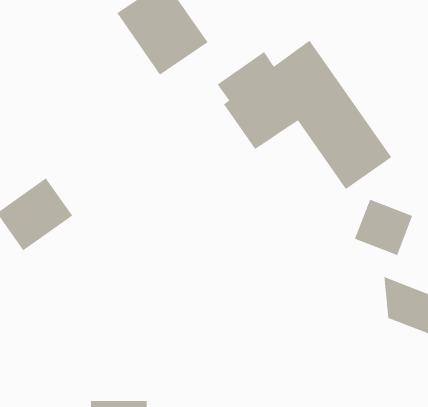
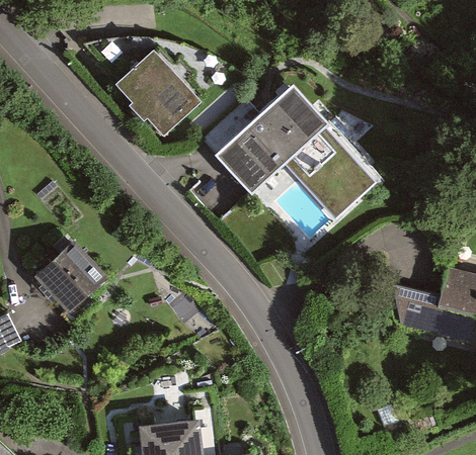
building: [354,199,413,256] -> none

